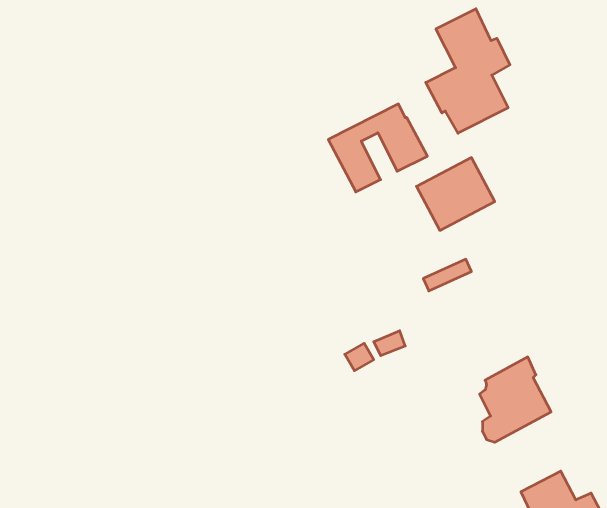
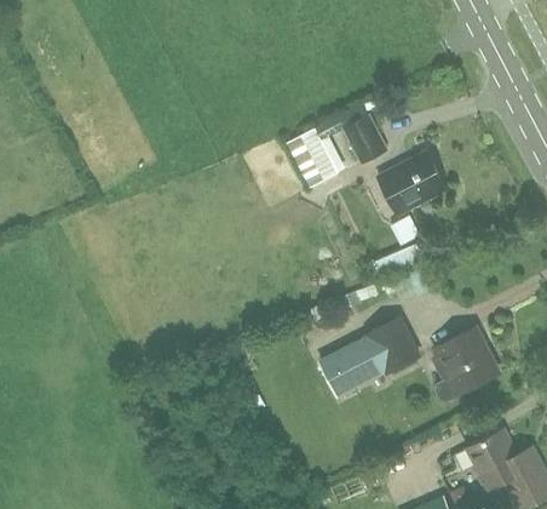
building: [426,9,510,133] -> none
building: none -> [318,318,418,398]

